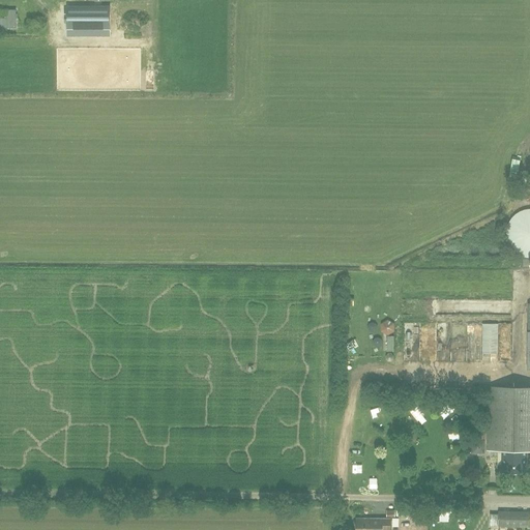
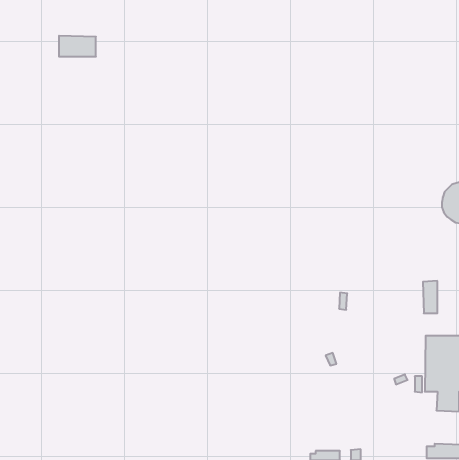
building: [69,6,112,30] -> [59,36,96,57]

